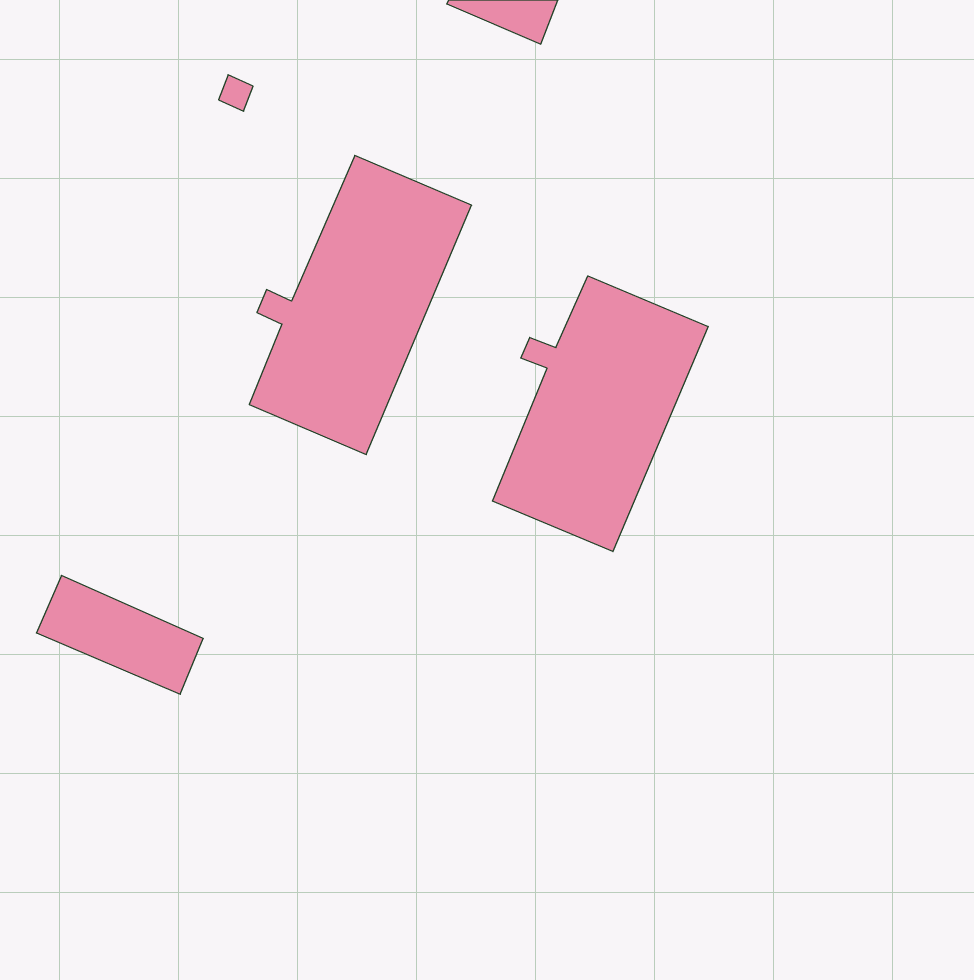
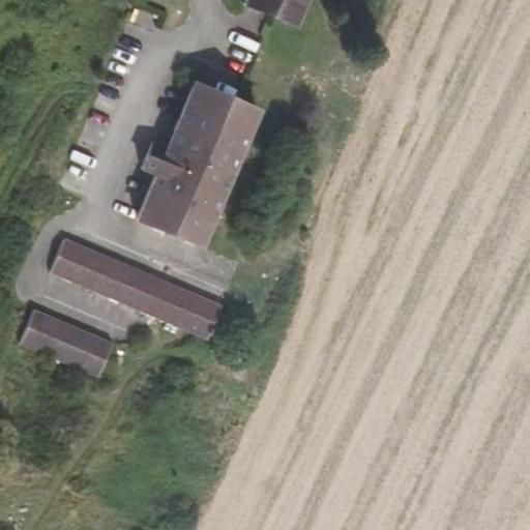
building: [493,276,708,552] -> none
building: none -> [53,240,223,337]

